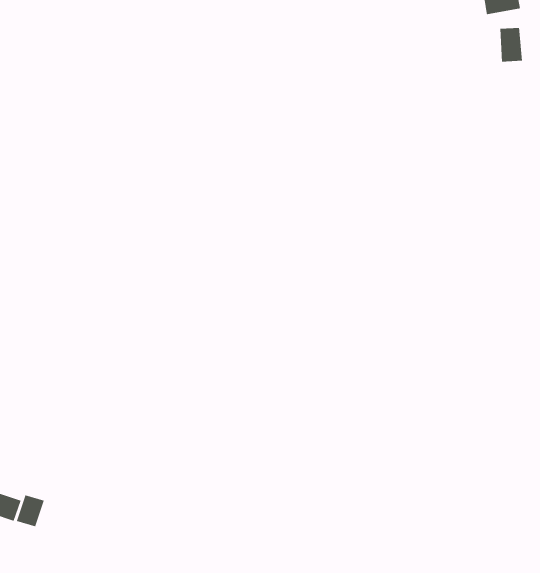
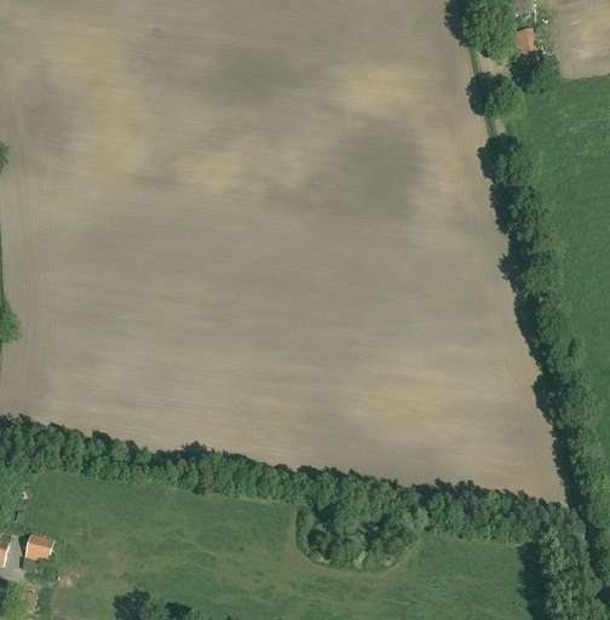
building: [16,494,44,527] -> none

